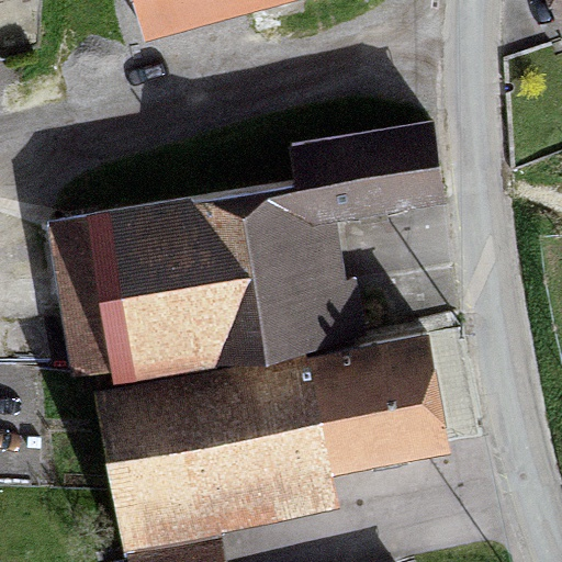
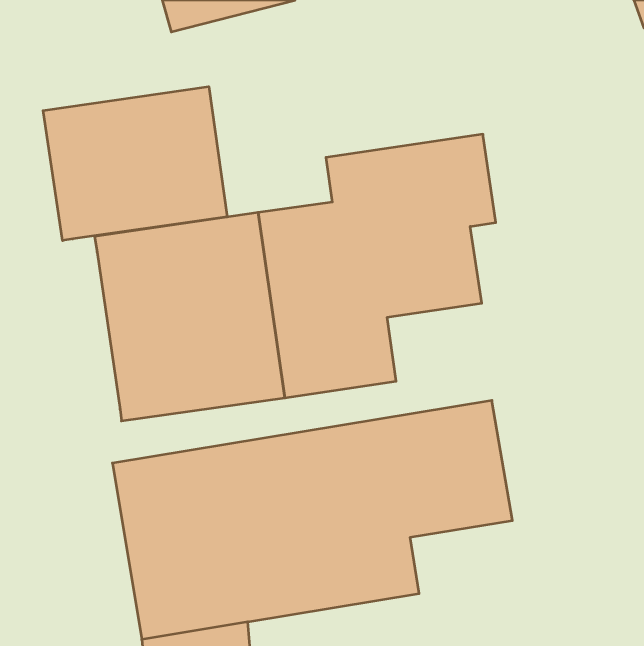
building: none -> [43,87,227,241]
building: [36,223,111,366] -> none

